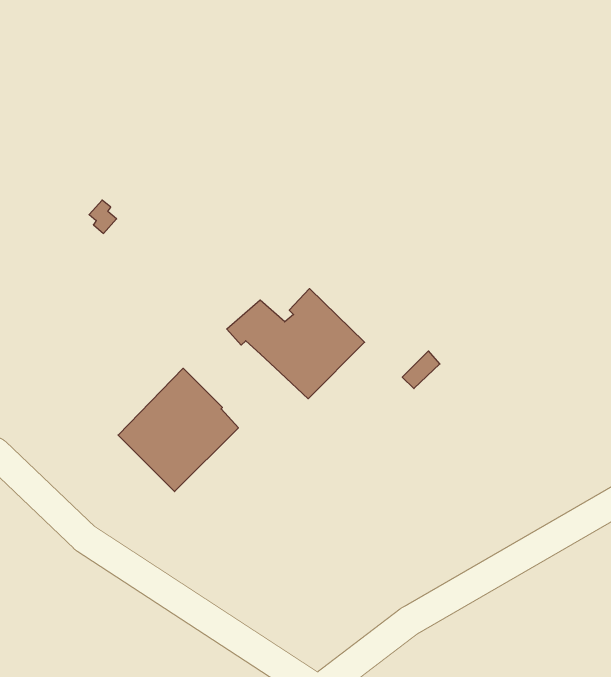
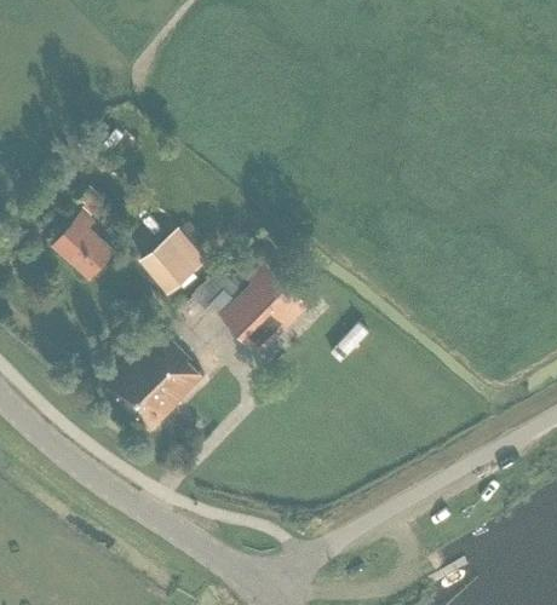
building: none -> [52,215,111,280]
building: none -> [139,224,205,295]

